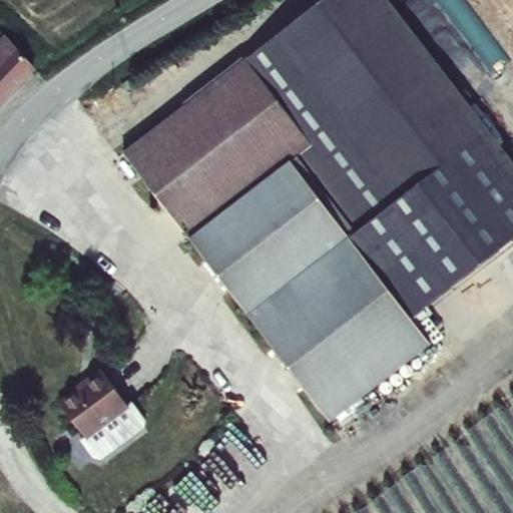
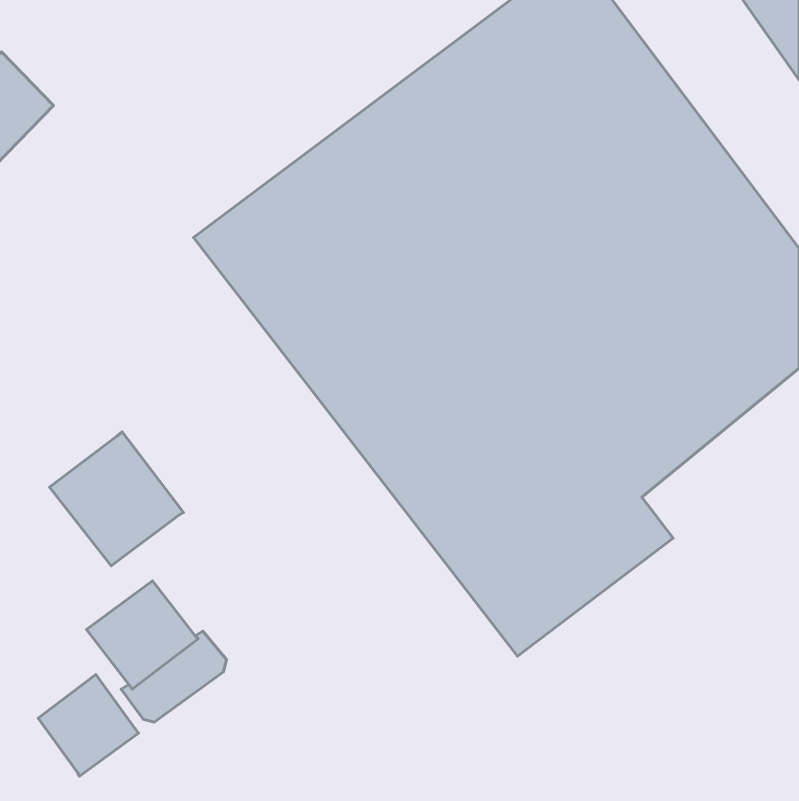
building: none -> [49,432,183,566]
building: none -> [38,674,139,776]

